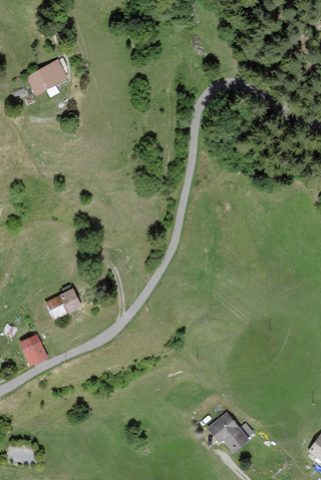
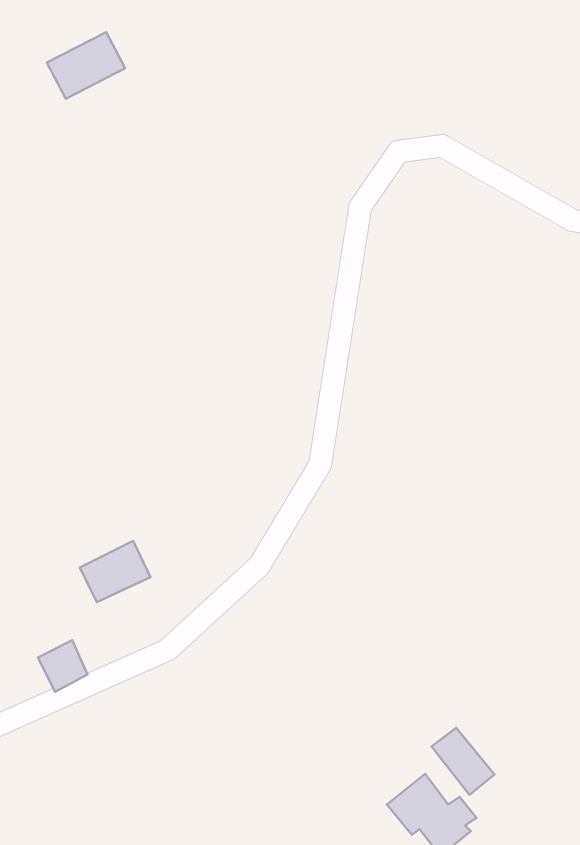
building: [27,59,68,94] -> [47,32,125,99]
building: none -> [432,728,494,795]

